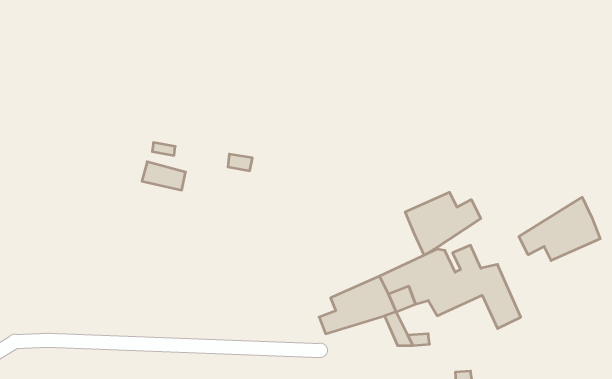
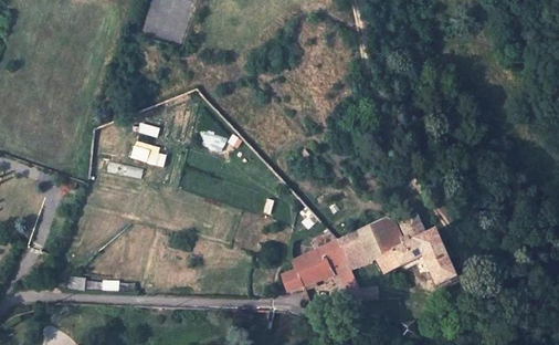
building: [405,192,481,255] -> none
building: [519,197,600,261] -> none

